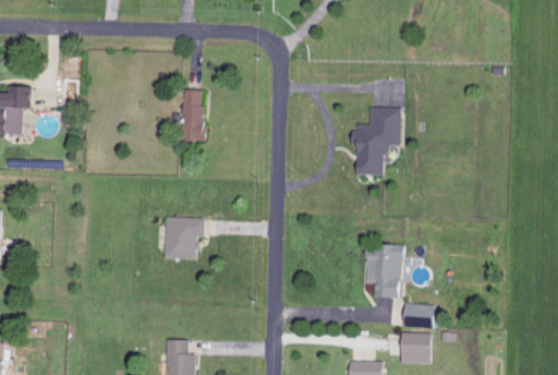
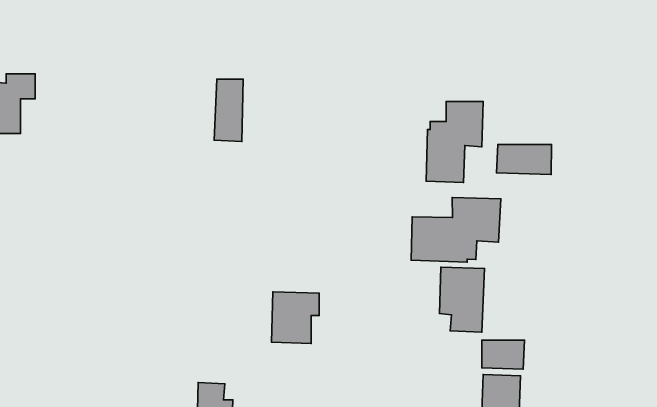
building: none -> [497,144,552,175]
building: none -> [411,197,501,262]
building: [165,217,204,259] -> [271,292,319,343]

